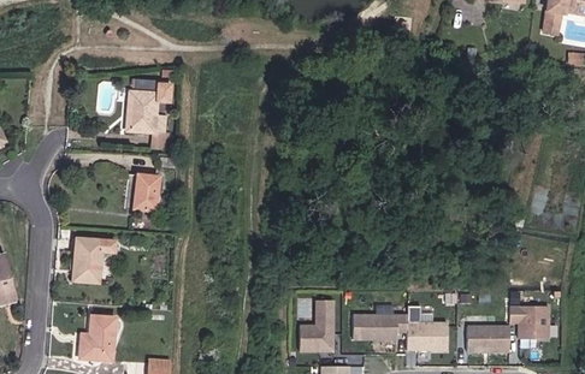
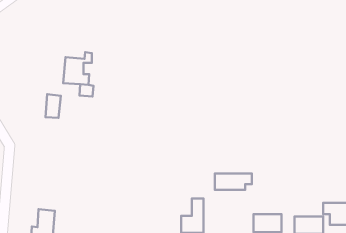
building: [136,174,159,209] -> [45,94,61,118]
building: [73,238,116,281] -> none
building: [353,315,407,339] -> [215,174,252,190]

